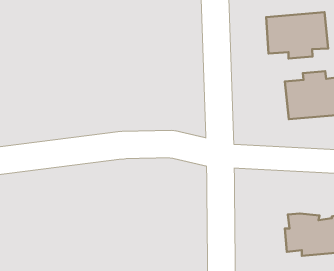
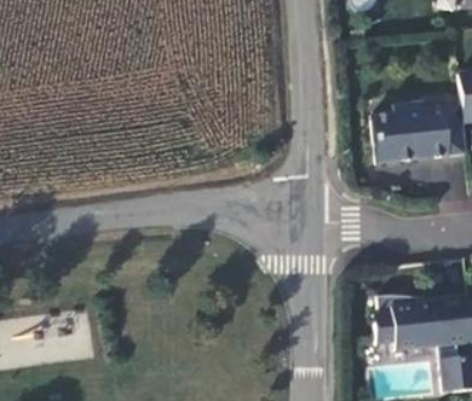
building: [266,12,328,59] -> none

